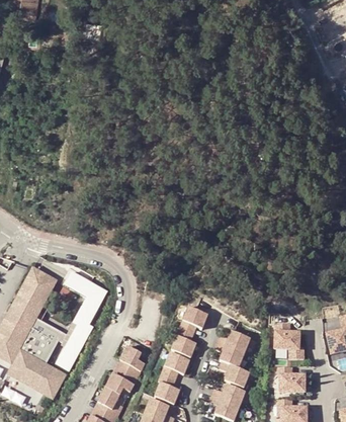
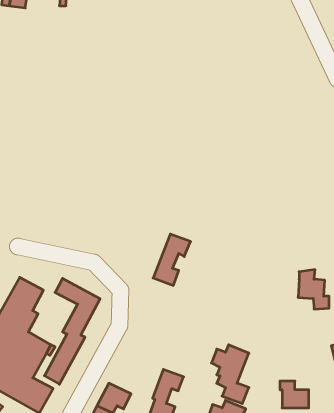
building: [168,312,203,360] -> [153,234,191,285]
building: [274,323,304,360] -> [298,270,329,309]
building: [115,348,145,379] -> none

